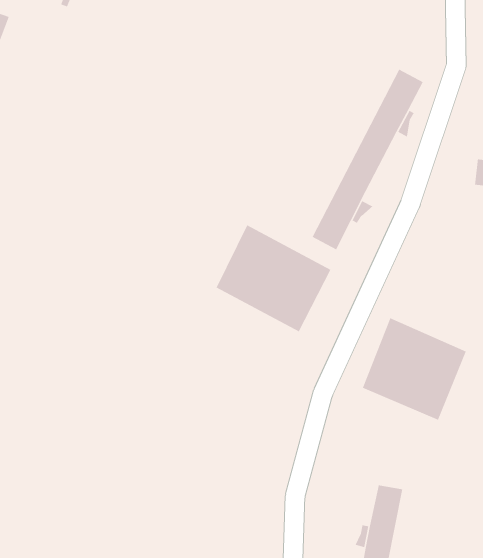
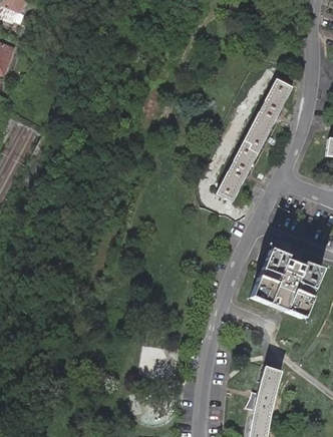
building: [216,224,332,332] -> none

